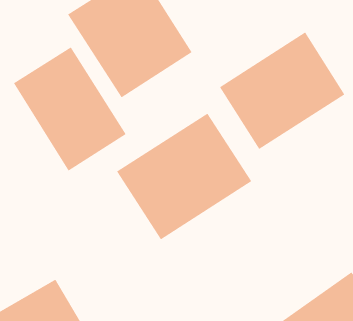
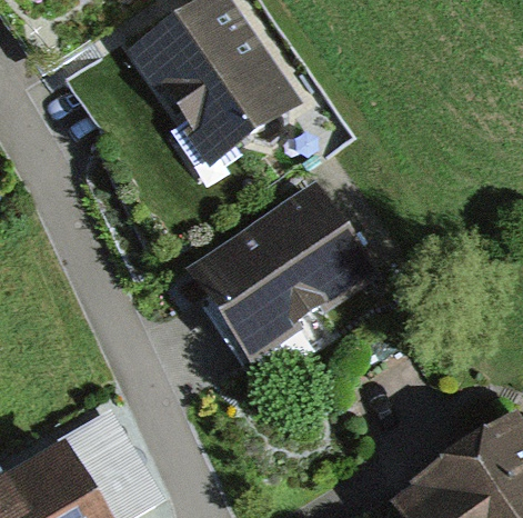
building: [219,32,345,150] -> none
building: [13,47,127,172] -> none

